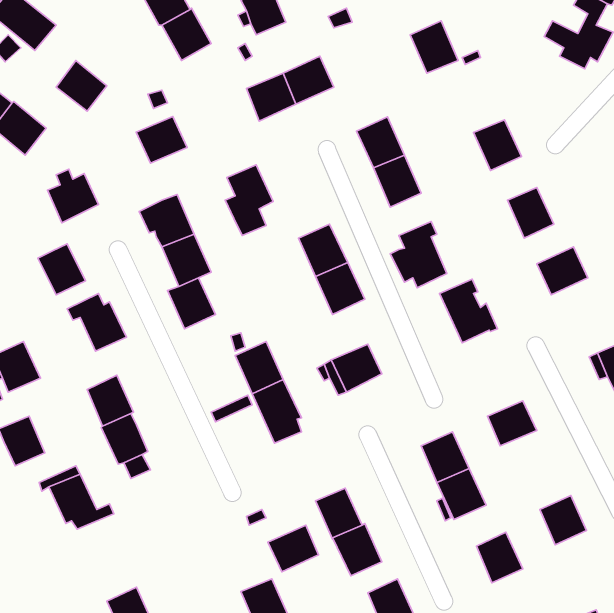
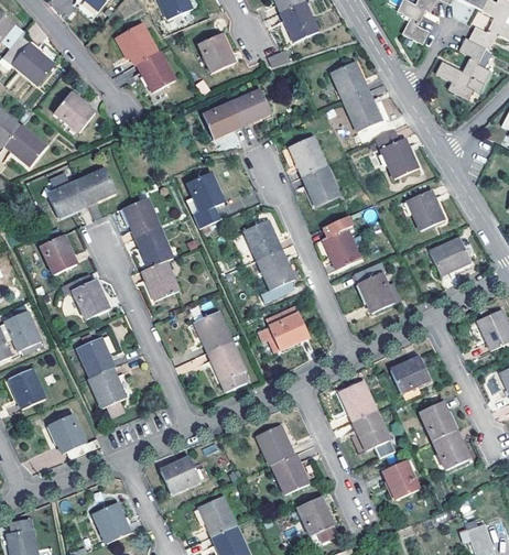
building: none -> [344,91,381,130]
building: [136,117,187,163] -> [76,167,116,204]
building: none -> [419,402,456,442]
building: [268,525,319,572] -> [160,456,199,492]

